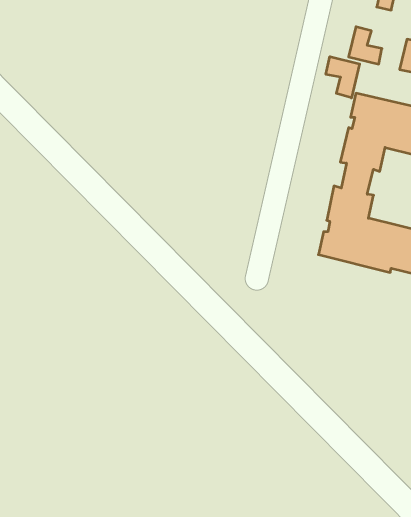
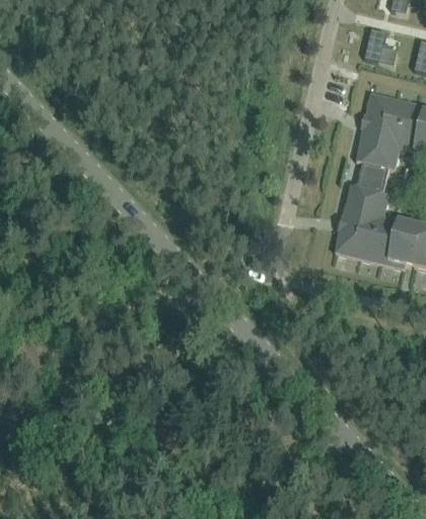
building: [326,57,360,98] -> none

